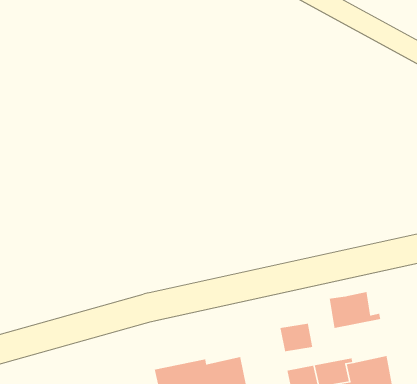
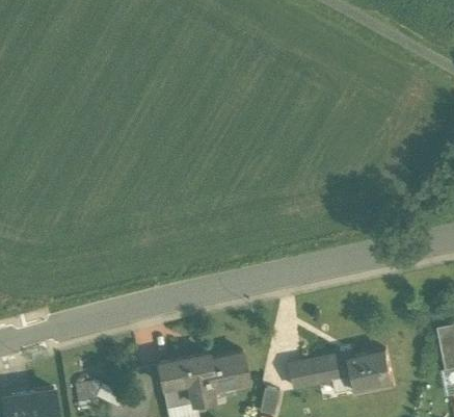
building: [329,291,381,329] -> none
building: [280,323,313,352] -> none

